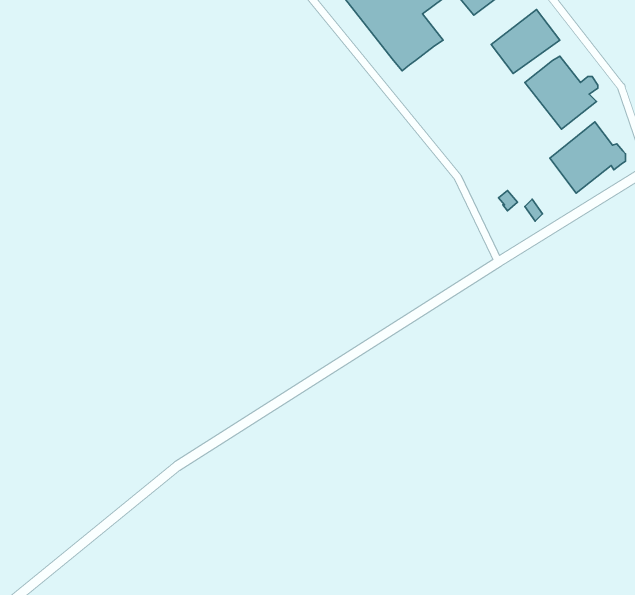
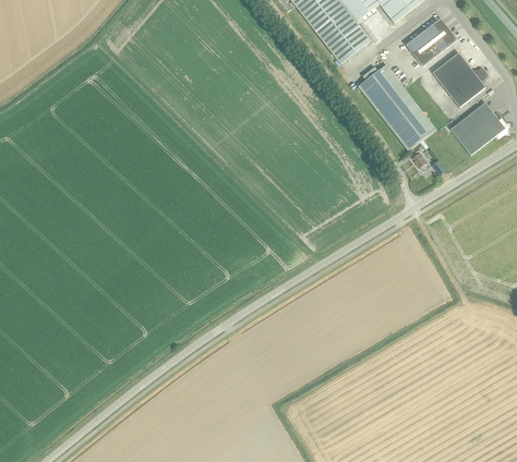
building: none -> [354,63,435,149]

